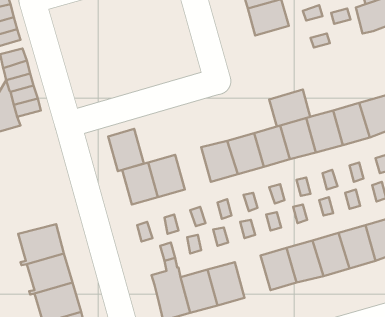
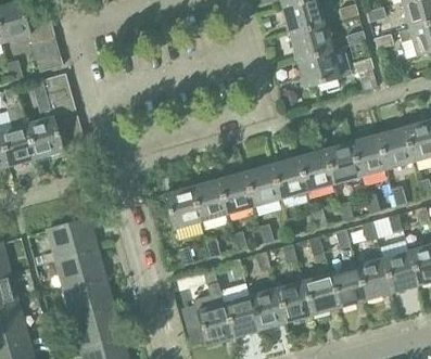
building: [269,90,310,126] -> [297,50,339,87]
building: [108,129,144,171] -> [217,171,253,214]
building: none -> [47,218,98,260]
building: none -> [277,280,313,322]

